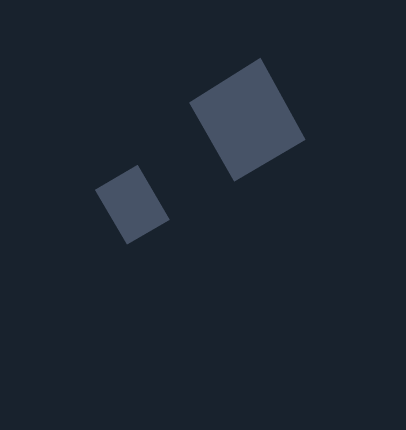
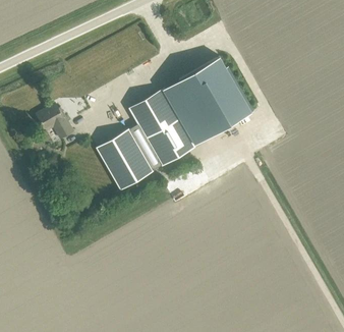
building: none -> [130,91,194,164]
building: none -> [37,103,74,139]

